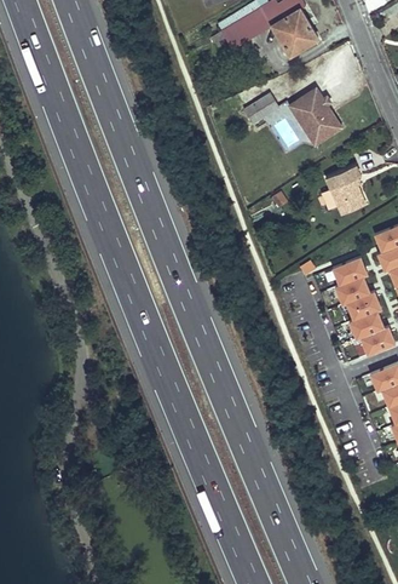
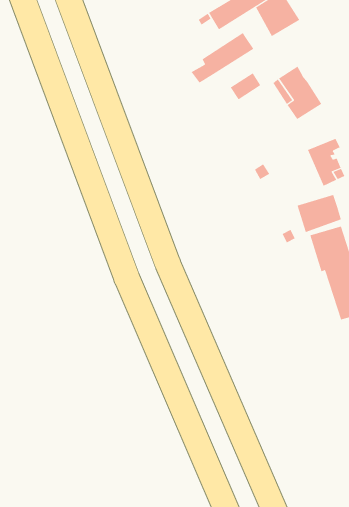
building: none -> [191,32,254,83]
building: none -> [297,194,341,233]

